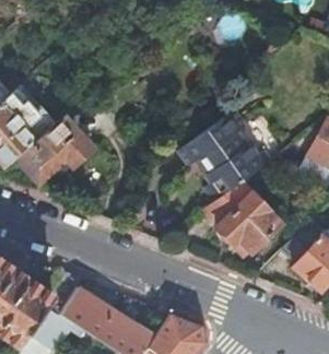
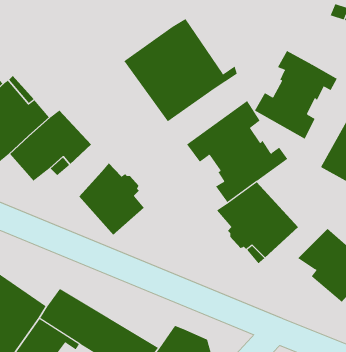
building: none -> [123,18,237,122]
building: none -> [254,50,338,139]
building: none -> [79,163,144,235]

